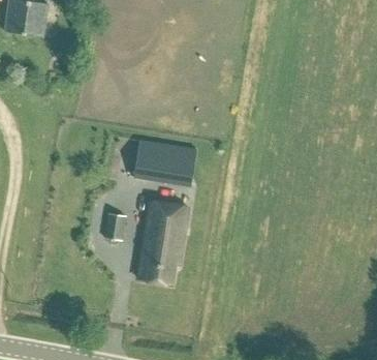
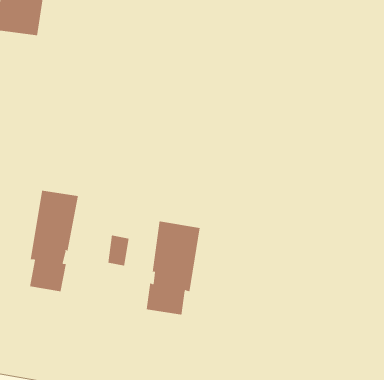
building: [133,137,196,182] -> none
building: none -> [30,190,78,292]

